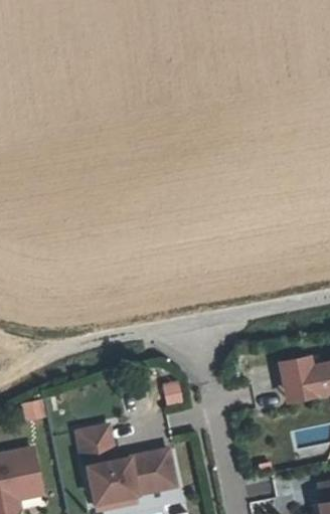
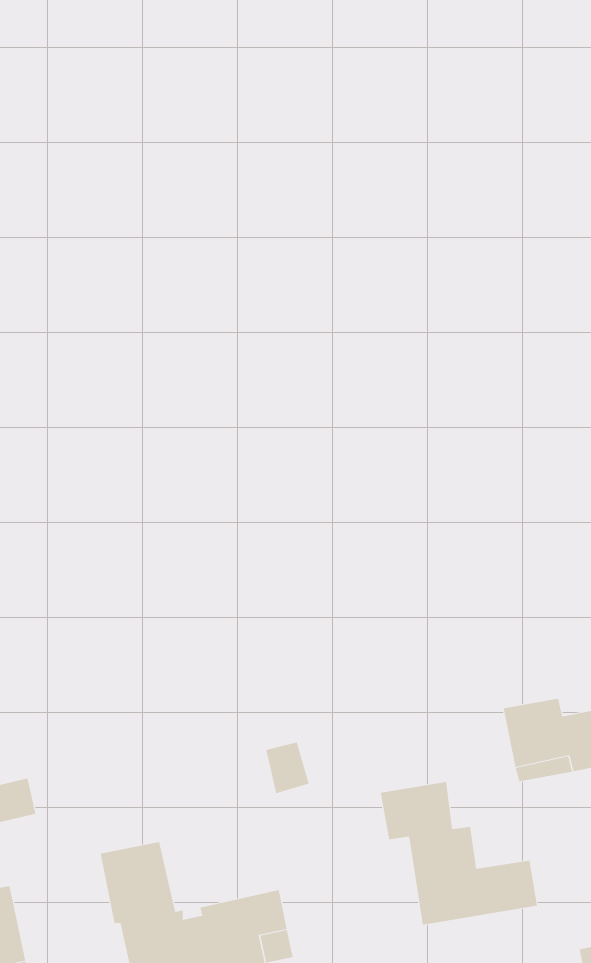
building: none -> [380,781,538,926]

